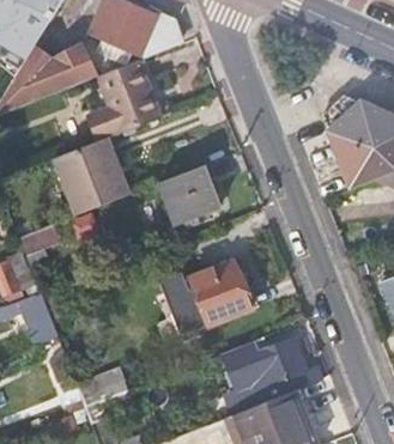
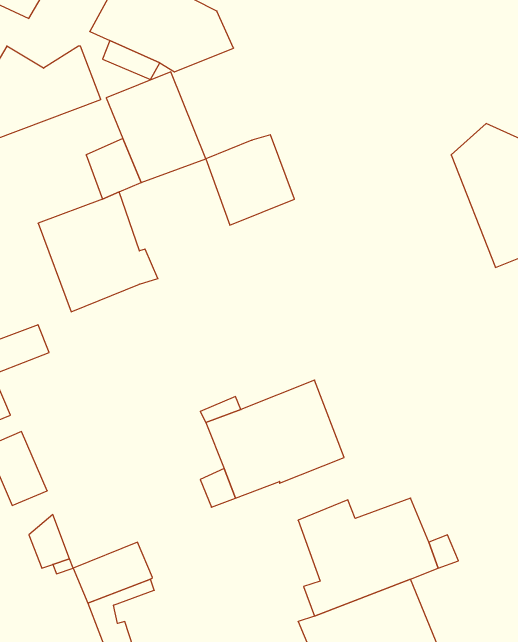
building: [159,168,217,226] -> [206,135,294,225]

